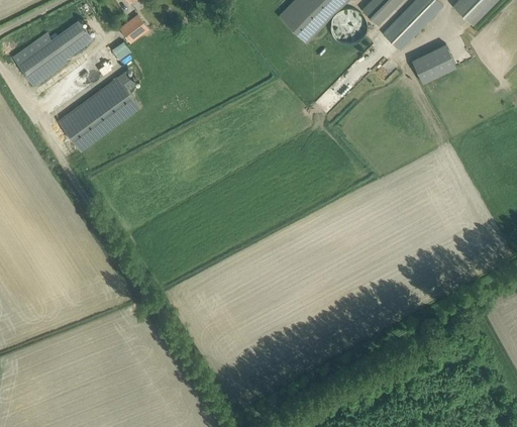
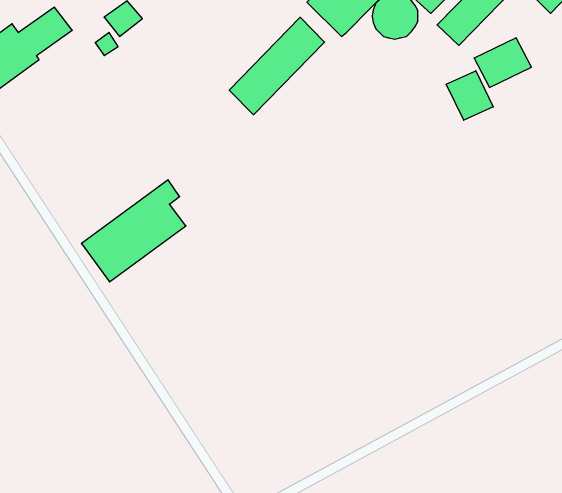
building: none -> [229,17,325,115]
building: none -> [446,71,493,120]
building: [58,71,140,151] -> [81,180,186,282]

